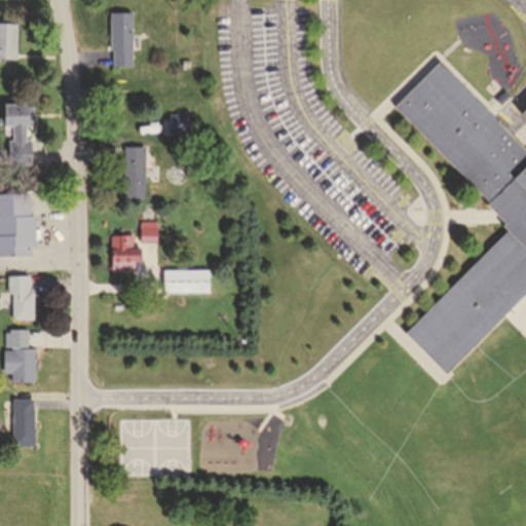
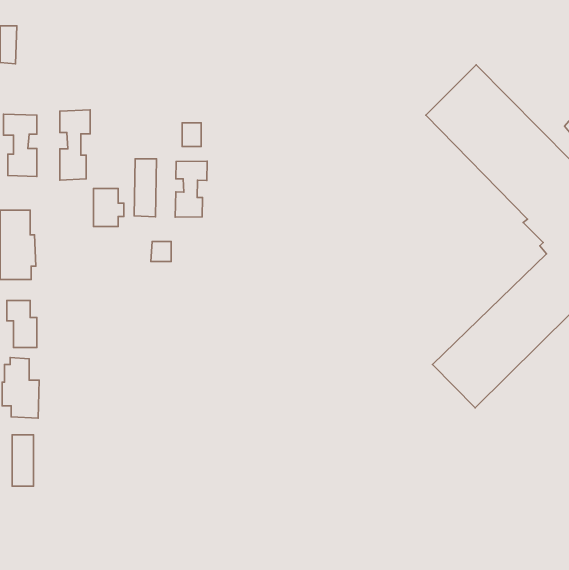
building: [110,12,133,66] -> none
building: none -> [60,110,90,180]
building: none -> [175,161,207,217]
building: [111,235,139,270] -> [94,189,124,227]
building: [165,269,211,293] -> none

